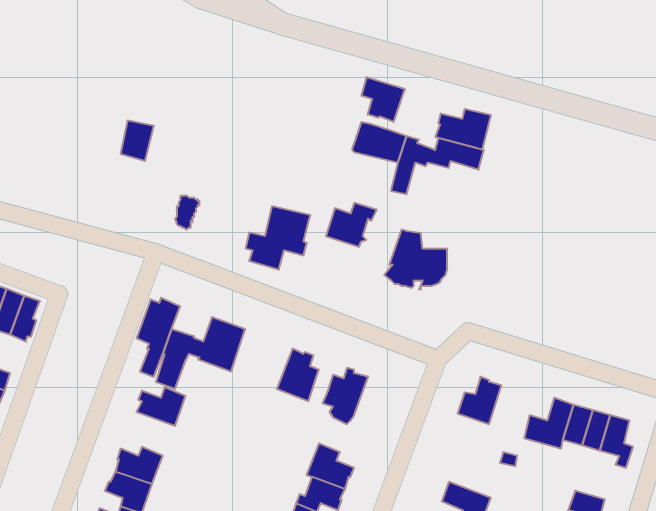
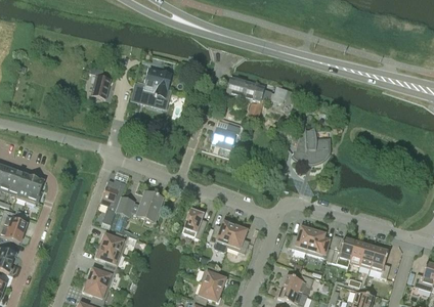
building: [362,77,405,122] -> none
building: [435,109,491,150] -> none
building: [246,206,310,270] -> [134,67,172,103]
building: [384,230,447,289] -> [292,127,329,162]
building: none -> [227,223,250,252]
building: none -> [306,228,330,256]
building: none -> [95,244,123,269]
building: none -> [283,272,314,294]

